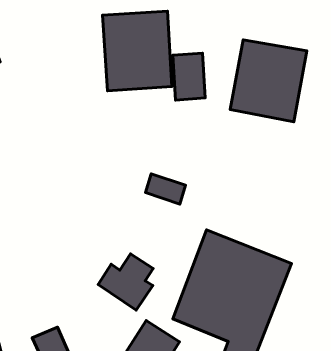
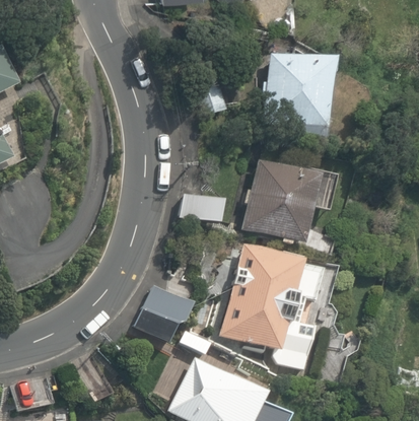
building: [102,11,172,91] -> none
building: none -> [238,157,329,245]

